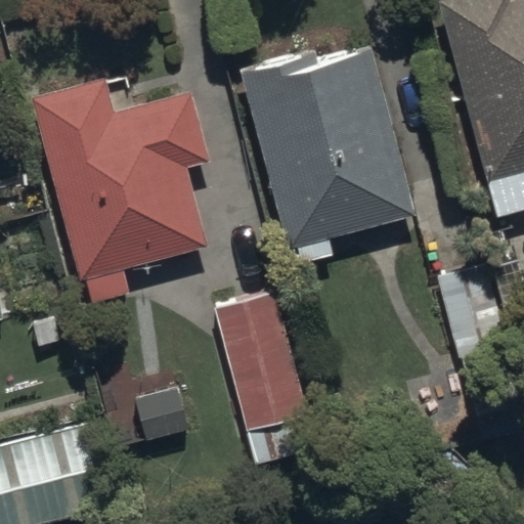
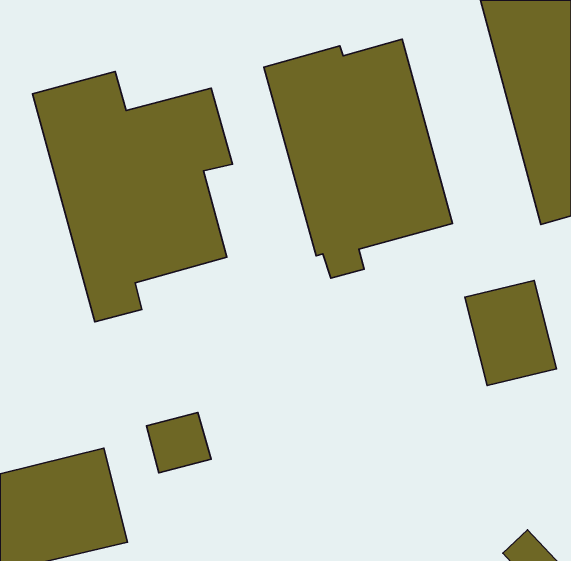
building: [212,290,319,470] -> none

